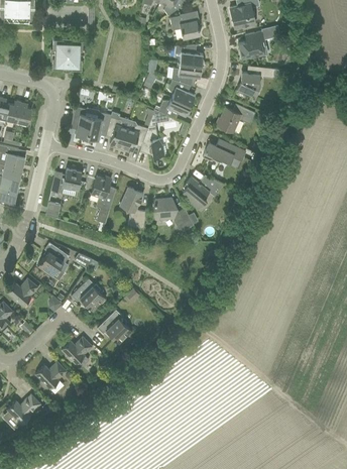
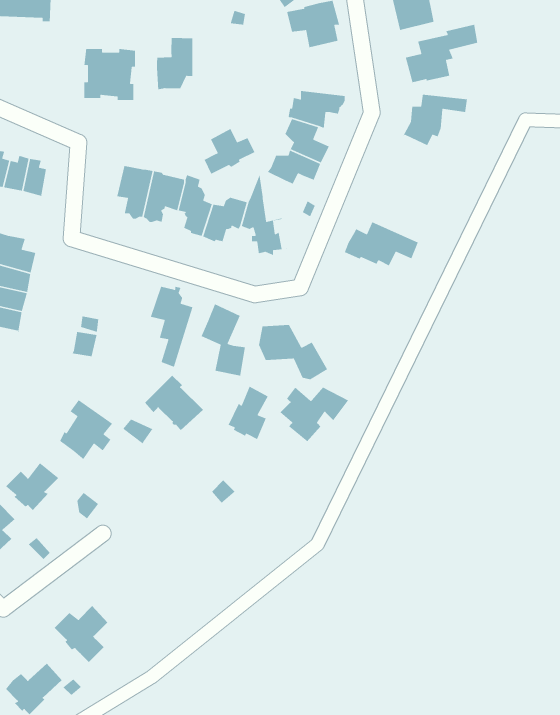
building: none -> [156,37,193,90]
building: [175,44,205,66] -> none
building: none -> [203,128,255,175]
building: [217,103,255,132] -> none
building: [51,167,82,192] -> none
building: [183,175,223,208] -> [279,386,349,442]
building: none -> [228,385,269,440]
building: [72,278,106,311] -> [144,375,204,431]
building: [97,309,132,343] -> none
building: [62,336,92,368] -> none

